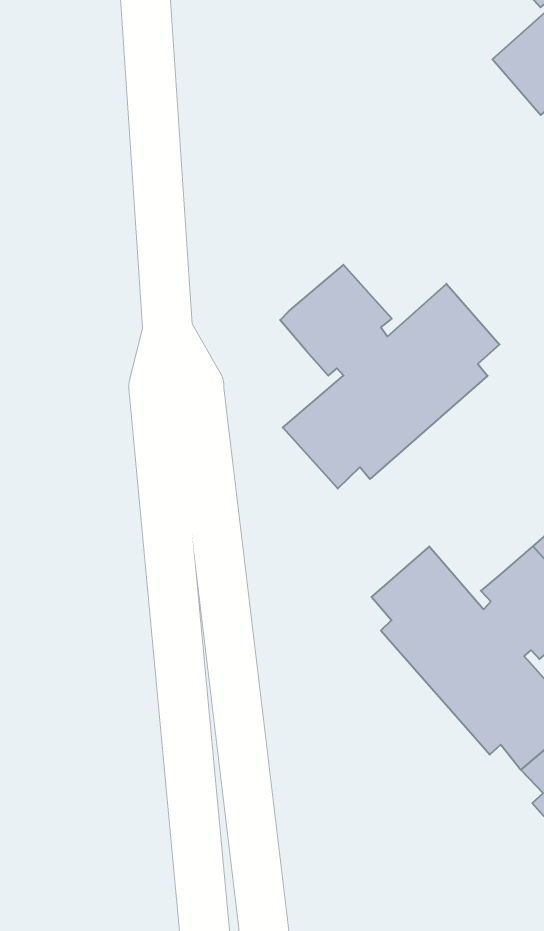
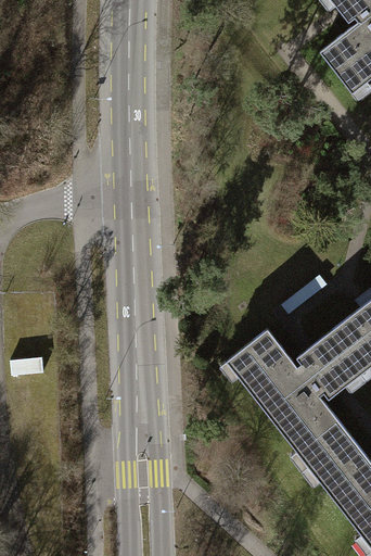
building: [280,265,500,489] -> none

